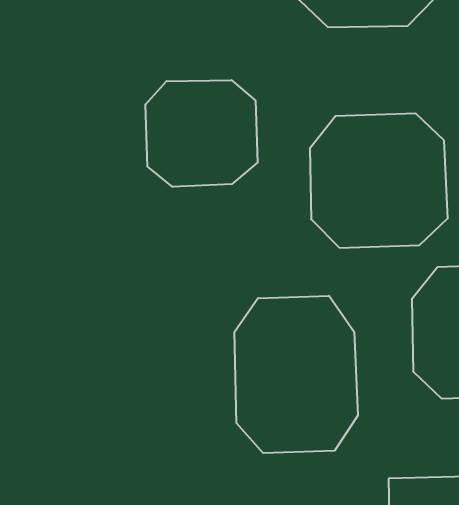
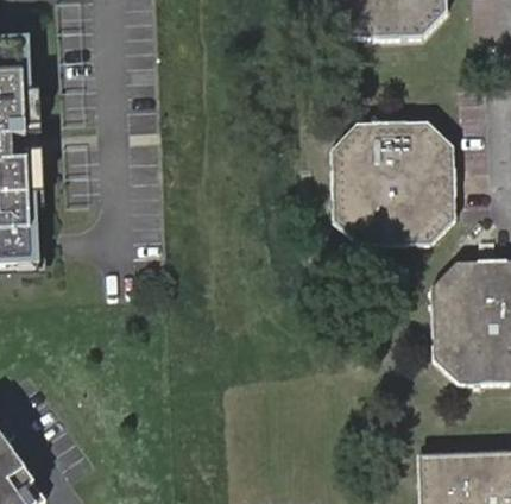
building: [145,80,258,187] -> none
building: [235,296,358,453] -> none

